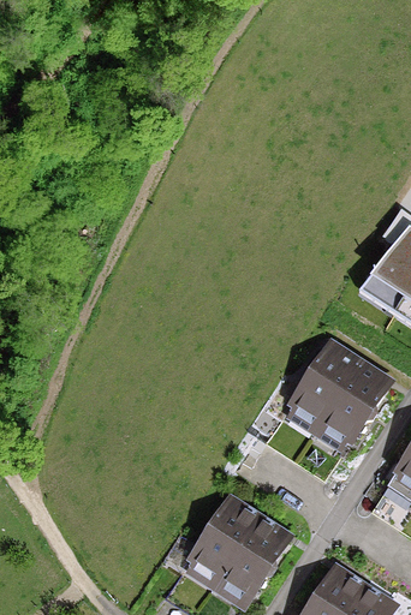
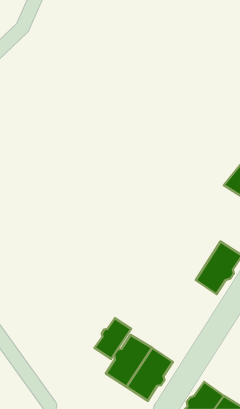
building: [290,347,356,423] -> none
building: none -> [95,318,131,359]

